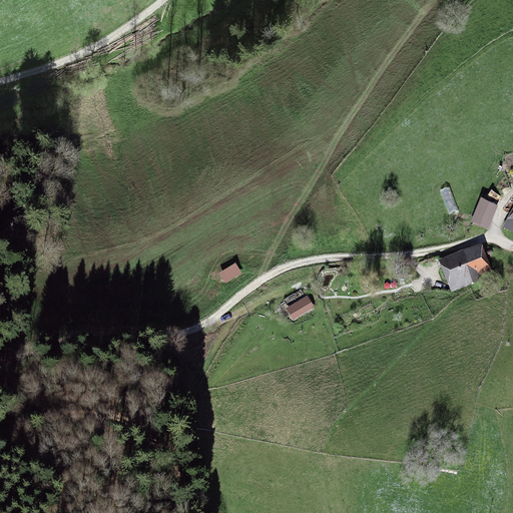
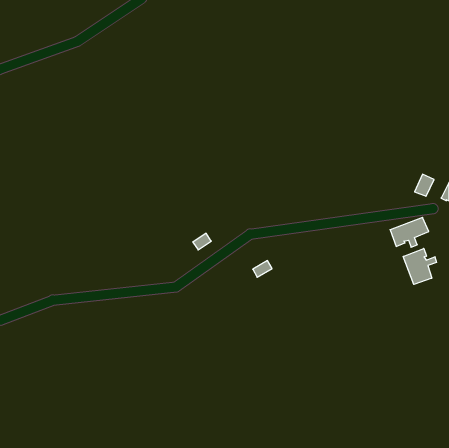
building: none -> [403,248,437,284]

